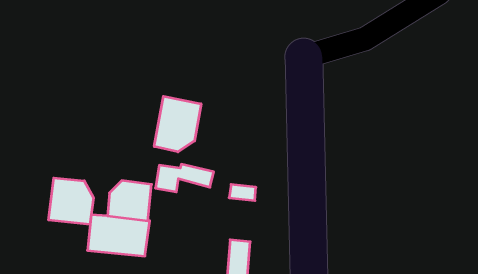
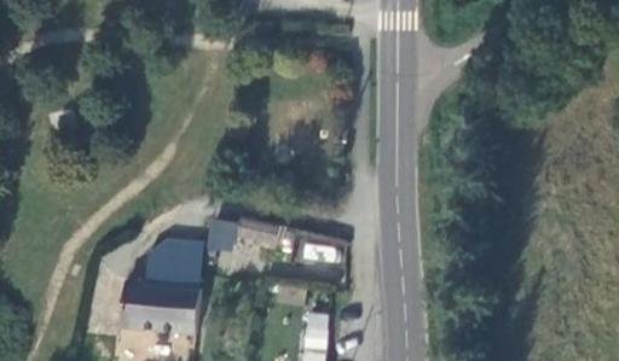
building: [154,96,201,152] -> none
building: [49,178,94,225] -> none

